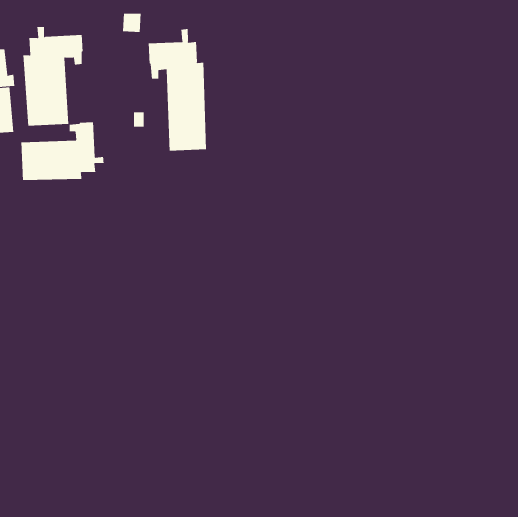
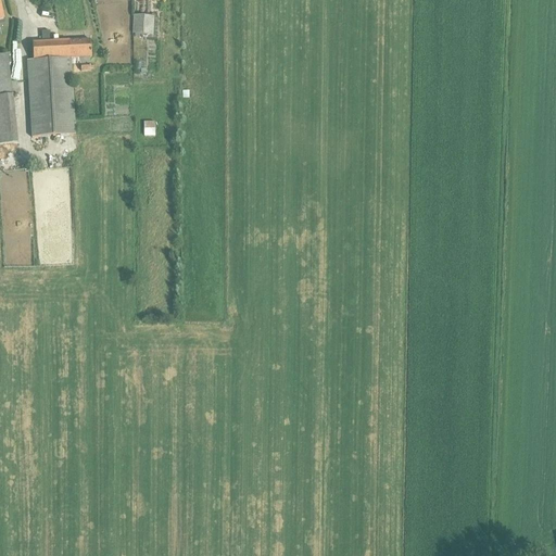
building: [148,28,207,152] -> none
building: [21,122,104,181] -> none

